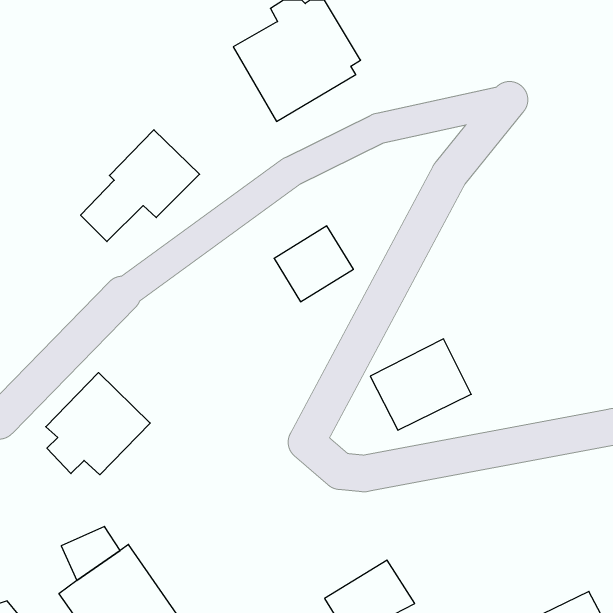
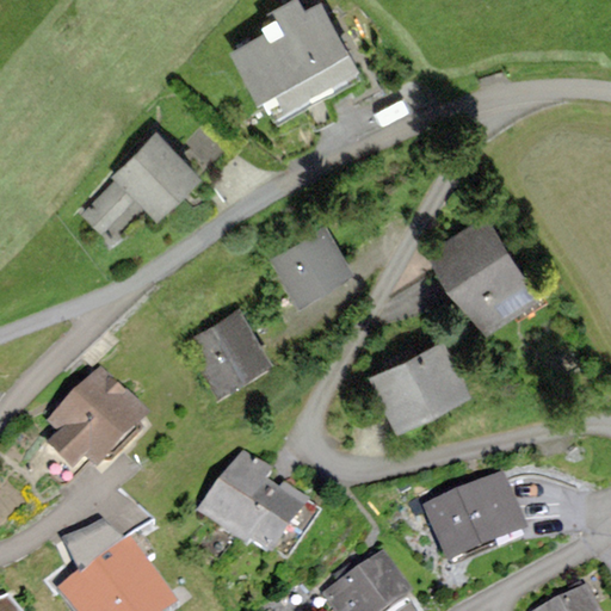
building: none -> [431,216,538,332]
building: none -> [189,308,269,391]
building: none -> [205,456,316,560]
building: none -> [425,479,523,564]

